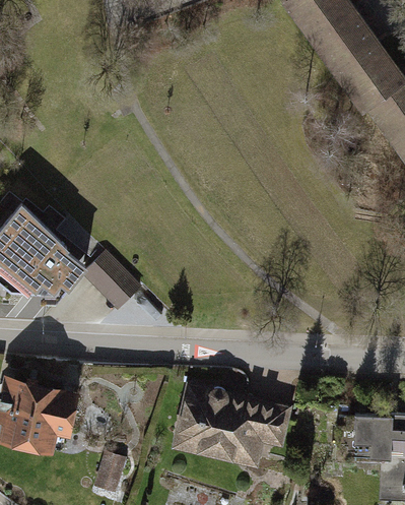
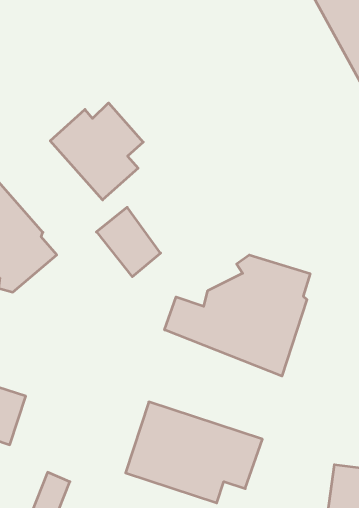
building: none -> [50,103,143,200]
building: none -> [165,255,310,376]
building: [83,249,141,309] -> [96,207,161,277]

